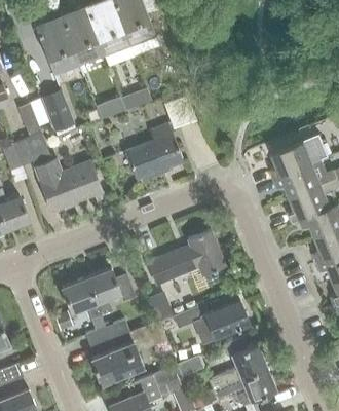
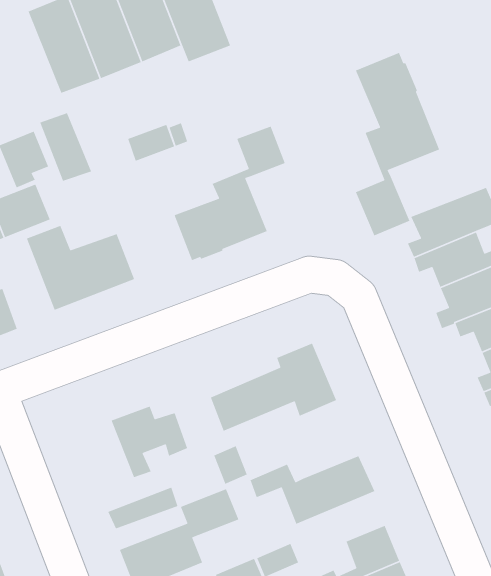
building: none -> [355,52,440,236]
building: [61,279,100,321] -> none

